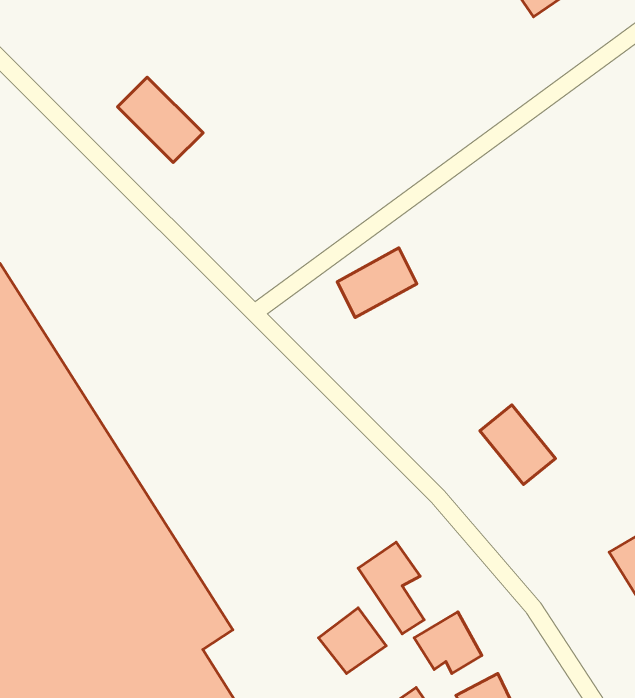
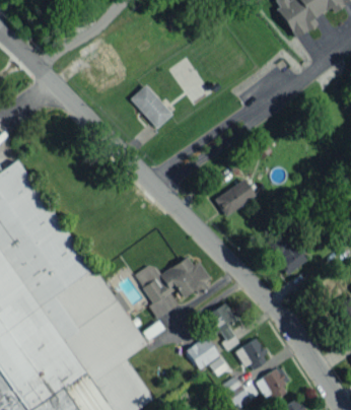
building: [117,77,203,163] -> [130,84,173,128]
building: [337,248,417,318] -> [215,180,256,215]
building: none -> [135,257,212,319]

